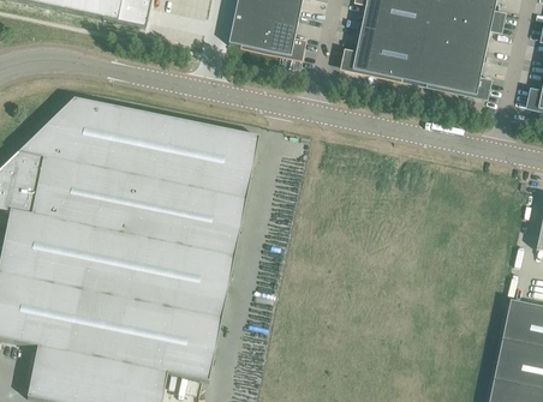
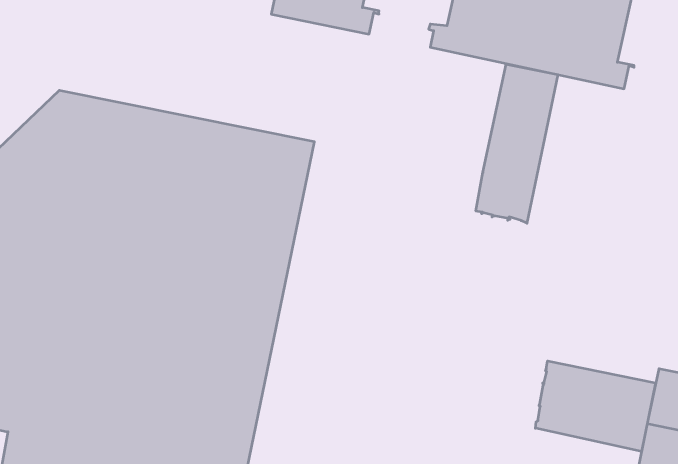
building: none -> [476,64,558,223]
building: none -> [535,361,656,451]

